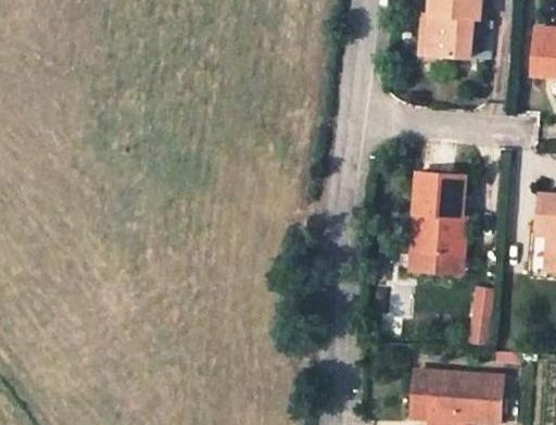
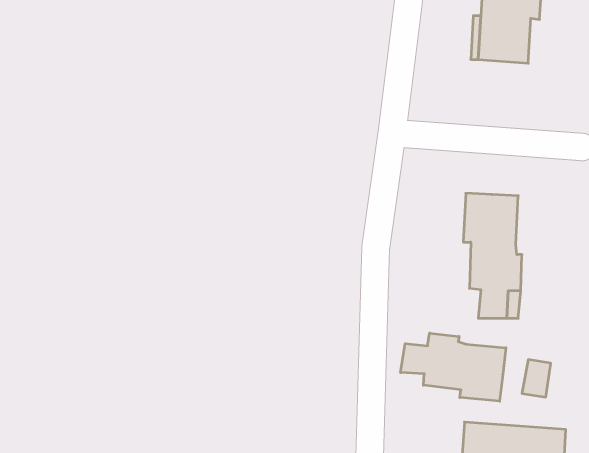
building: none -> [401,333,506,401]

